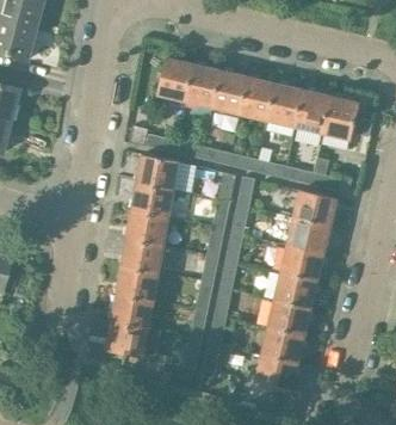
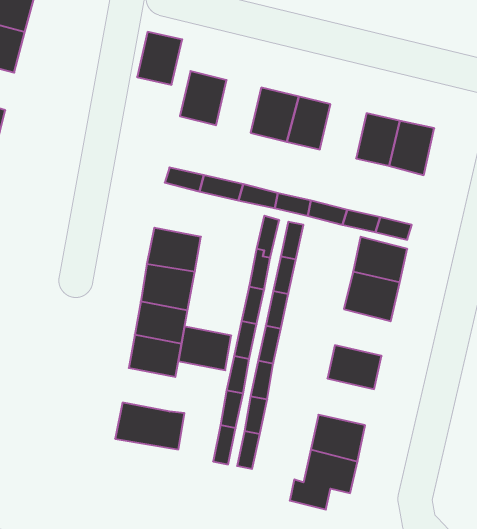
building: [185,64,221,106] -> [137,32,182,85]
building: [267,84,304,127] -> none
building: [136,154,178,189] -> none
building: [279,246,323,283] -> none
building: [111,292,153,327] -> [179,326,231,370]
building: [266,301,310,338] -> none

